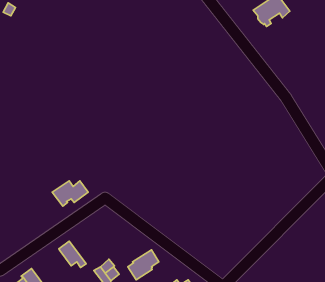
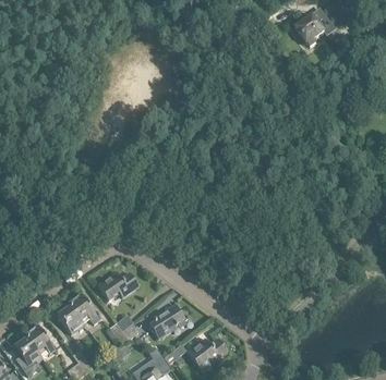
building: [52,181,88,206] -> [97,272,138,302]
building: none -> [57,305,85,335]

